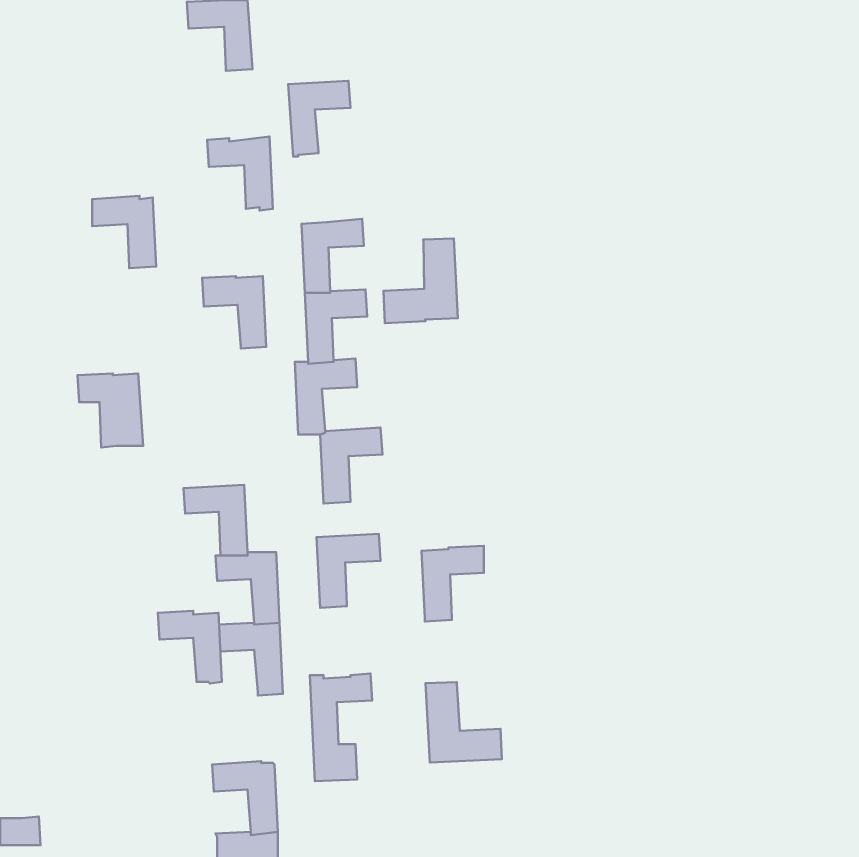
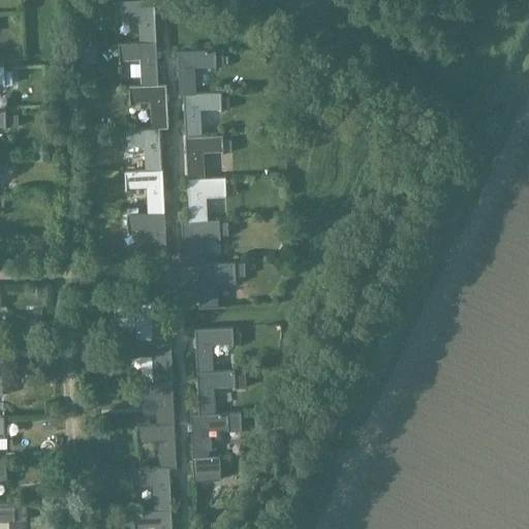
building: none -> [118,44,158,89]
building: none -> [184,94,222,139]
building: [92,196,156,268] -> [123,128,162,173]
building: [384,238,458,323] -> none
building: [78,373,143,448] -> [127,215,167,260]
building: [422,546,484,622] -> [197,372,236,418]
building: [158,611,222,683] -> [137,427,177,471]
building: [426,682,502,762] -> none

